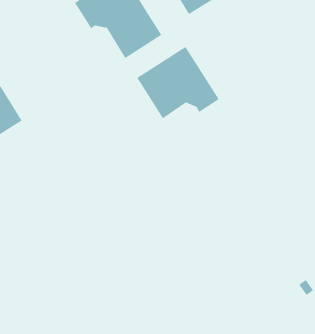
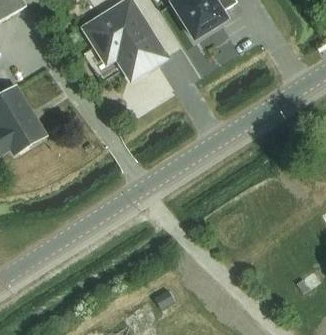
building: [137,46,219,119] -> none

